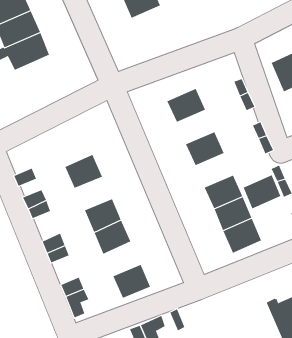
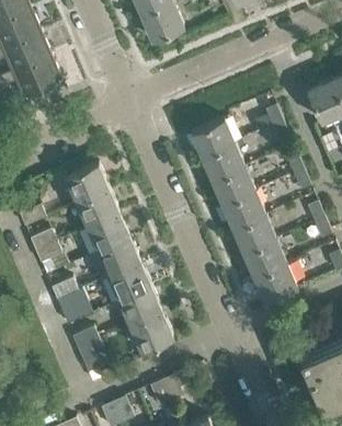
building: none -> [202,141,244,180]
building: none -> [66,165,109,205]
building: [243,175,281,209] -> [223,189,265,228]
building: none -> [88,216,130,253]
building: none -> [119,288,162,326]

